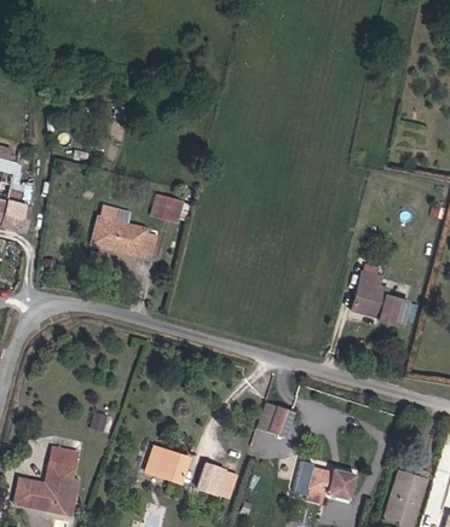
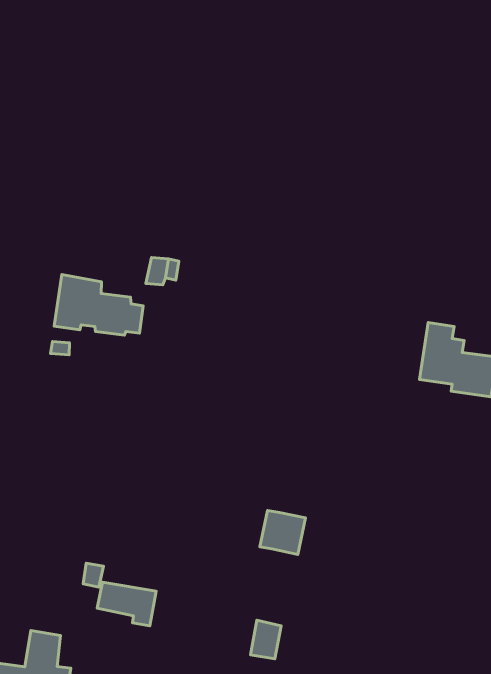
building: [259,404,294,438] -> [260,510,306,554]
building: [148,447,191,482] -> [97,582,156,626]
building: [302,468,357,505] -> none

